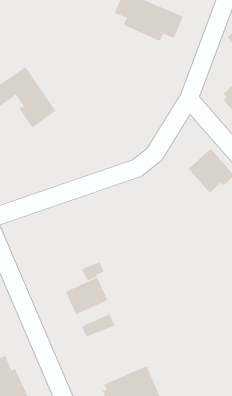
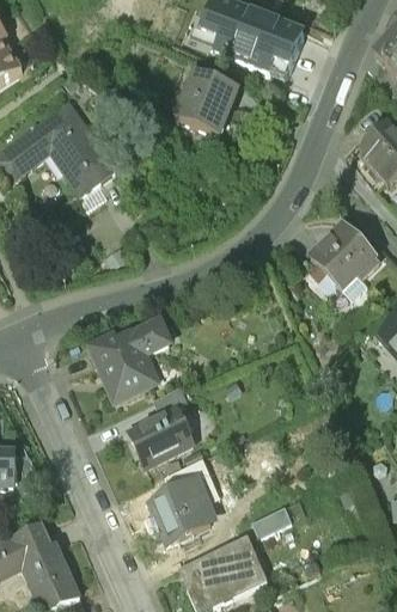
building: none -> [175,66,239,130]
building: none -> [88,320,167,397]
building: none -> [148,485,210,544]
building: none -> [251,508,292,540]

